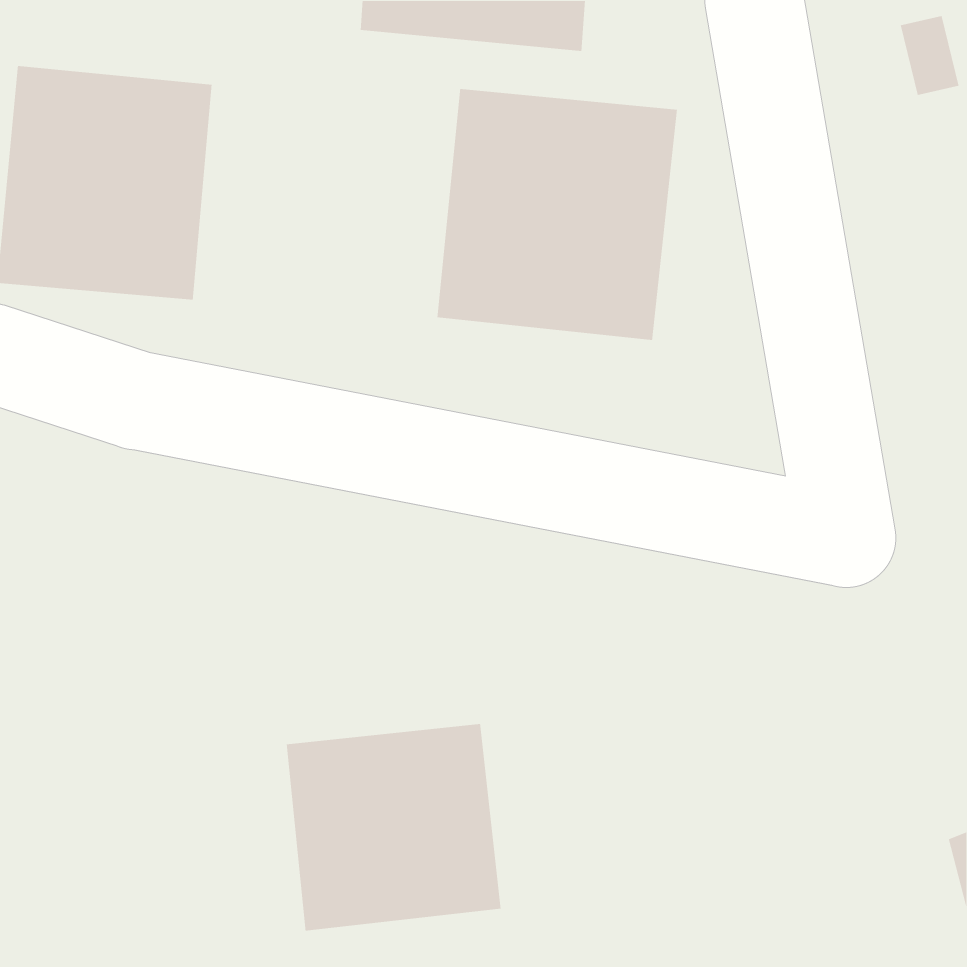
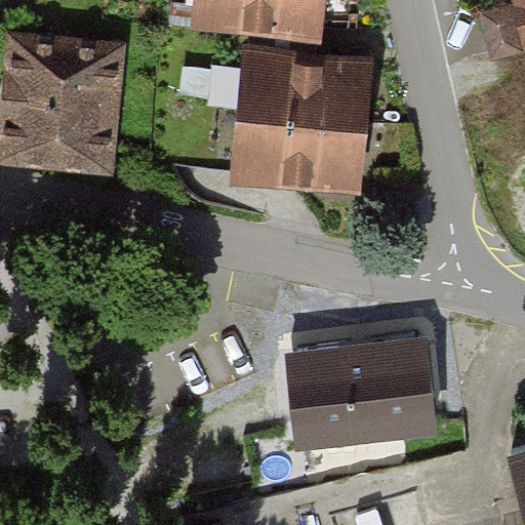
building: none -> [289,348,444,435]
building: [286,723,502,931] -> none

